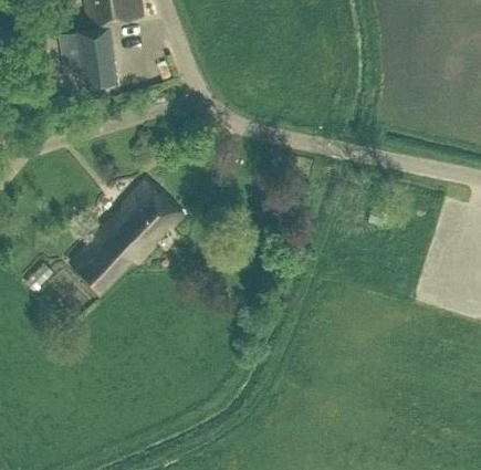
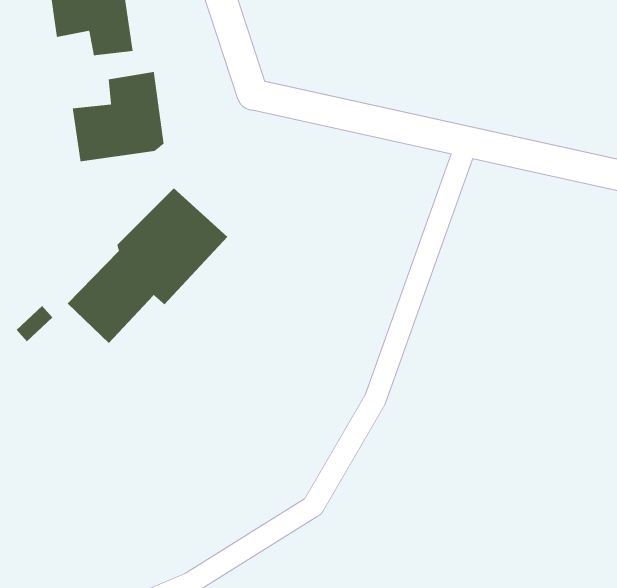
building: none -> [72,71,164,162]

